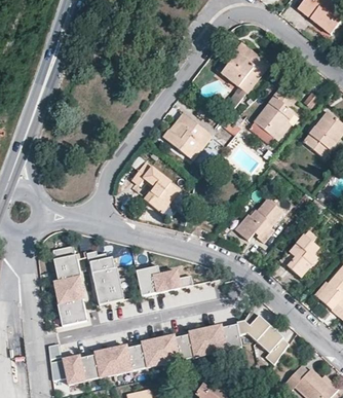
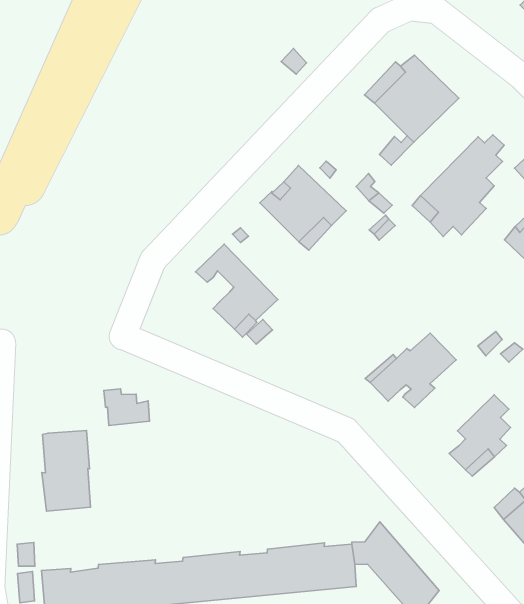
building: [52,245,80,281] -> none
building: [136,265,192,295] -> none
building: [91,267,123,304] -> none

